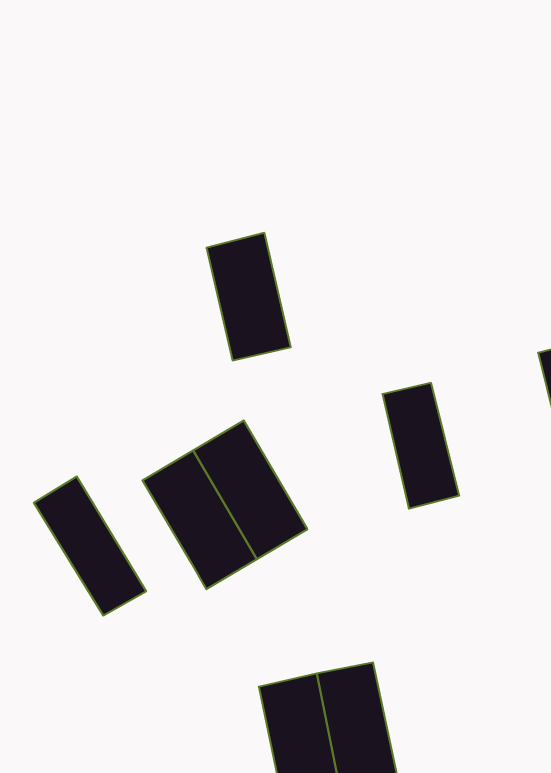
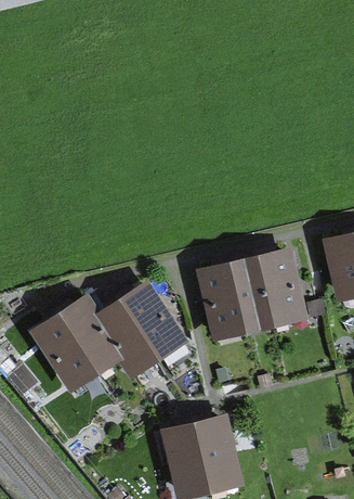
building: [206,233,291,360] -> [197,265,246,338]
building: none -> [259,252,303,323]
building: none -> [54,297,120,379]

